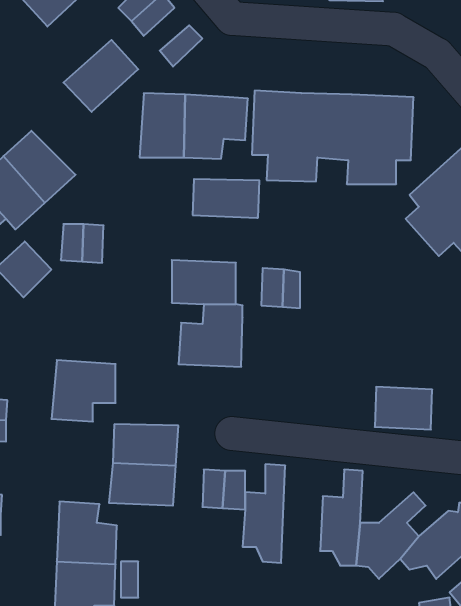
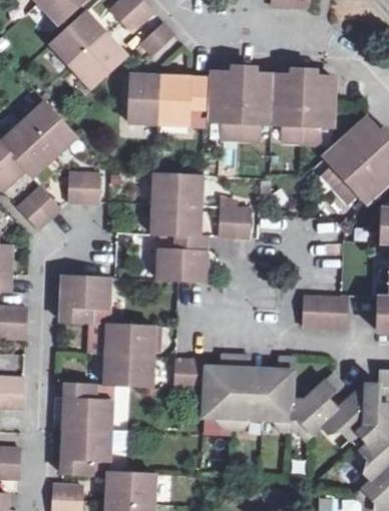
building: none -> [48,12,105,67]
building: [193,179,259,218] -> [150,173,201,202]
building: none -> [233,355,264,428]

